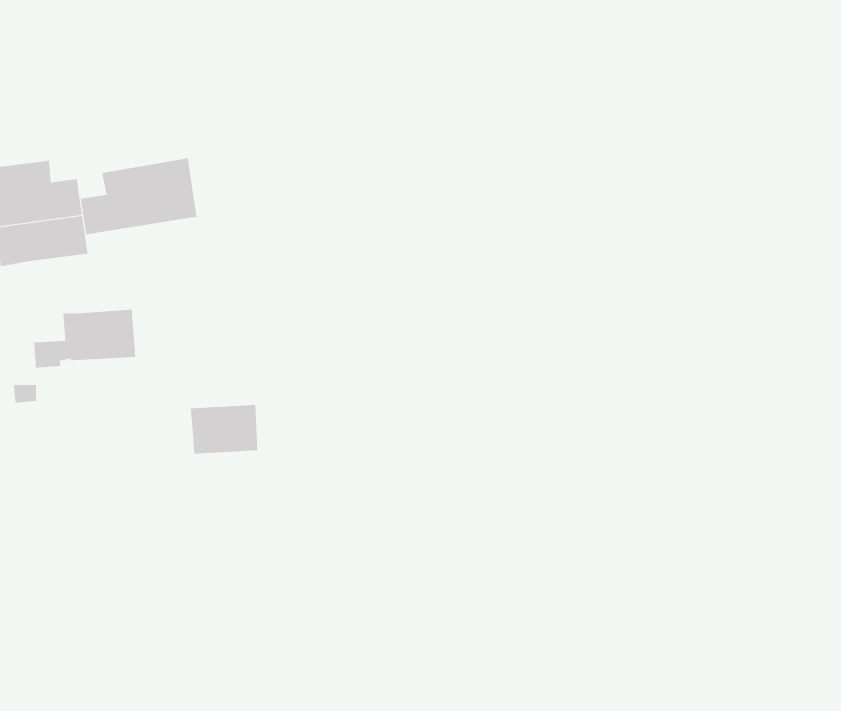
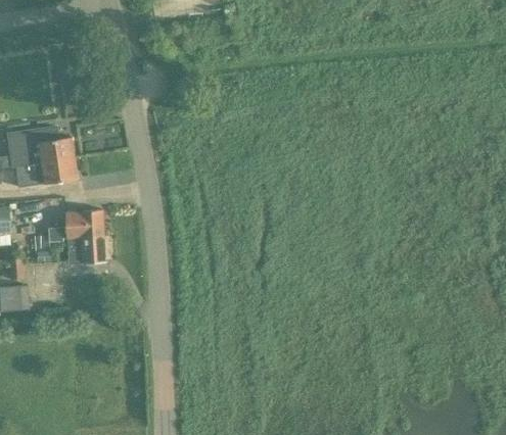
building: [80,158,197,235] -> none
building: [190,404,258,454] -> [67,236,105,263]

